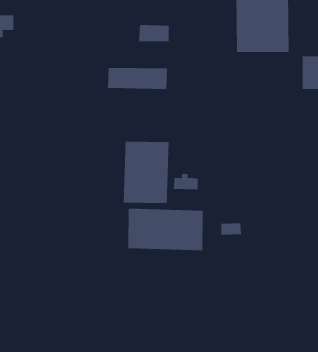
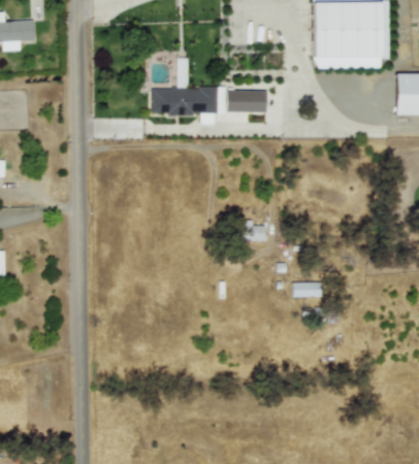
building: [138,25,169,42] -> [228,90,267,111]
building: [123,141,169,204] -> none
building: [128,208,203,251] -> none

